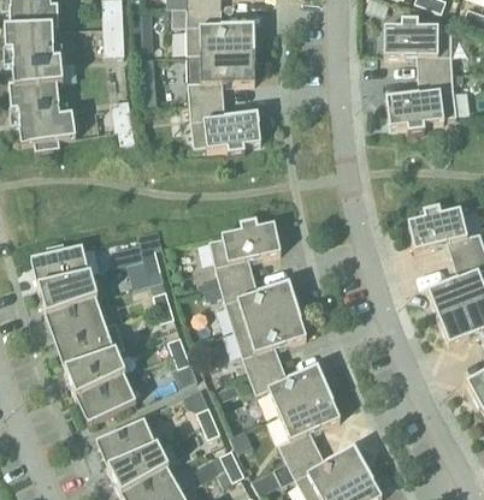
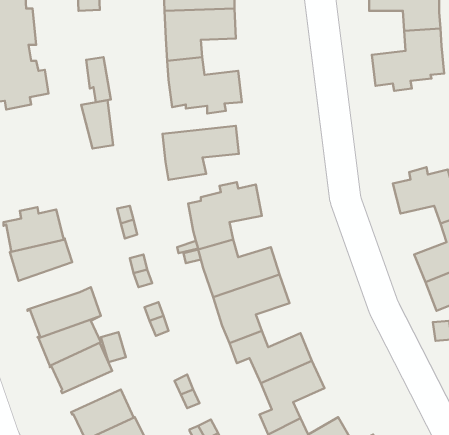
building: none -> [81,100,113,148]
building: none -> [162,126,239,180]
building: [45,296,104,341] -> none

